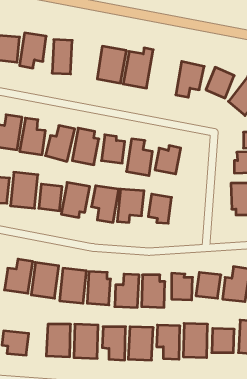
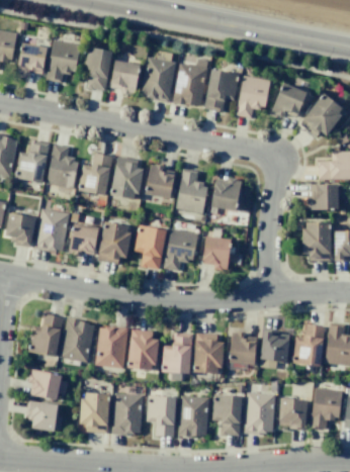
building: none -> [110,60,140,95]
building: none -> [205,70,238,111]
building: none -> [28,368,68,400]

